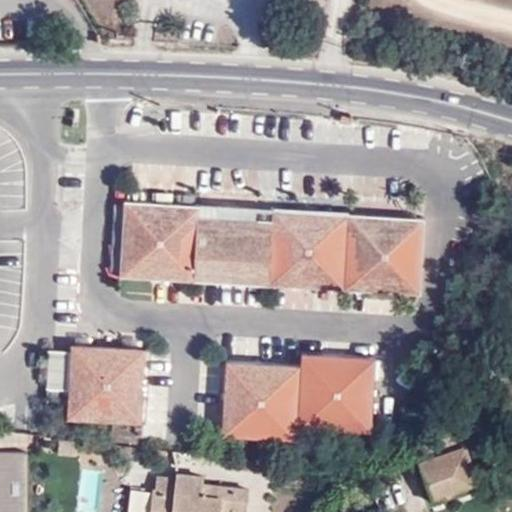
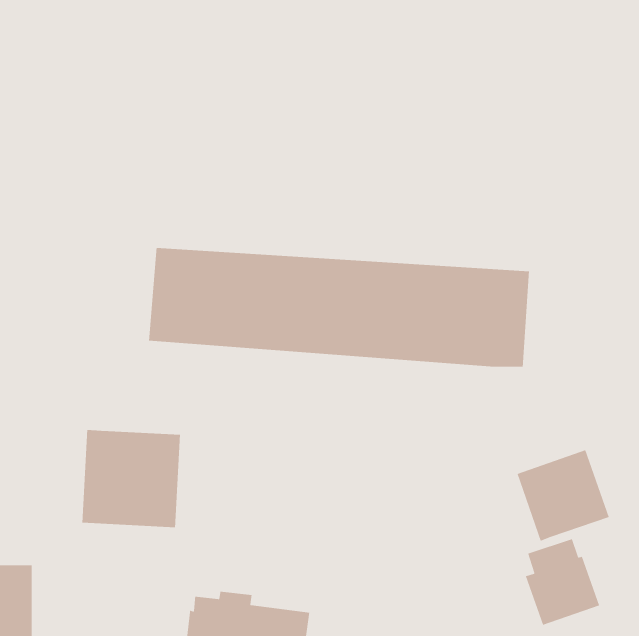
building: [220,356,374,441] -> none
building: none -> [516,449,610,542]

